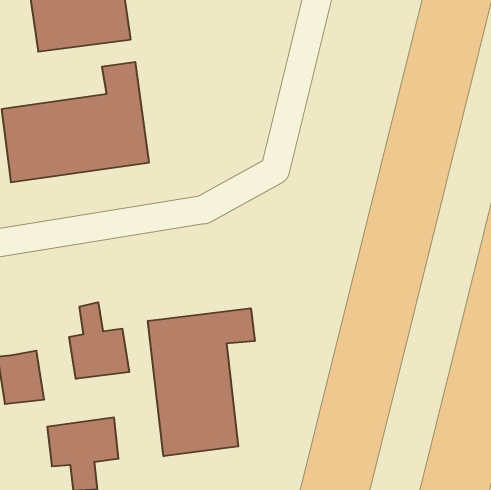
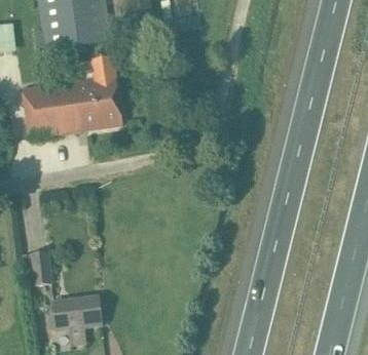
building: [69,302,129,379] -> none
building: [148,308,255,456] -> none

